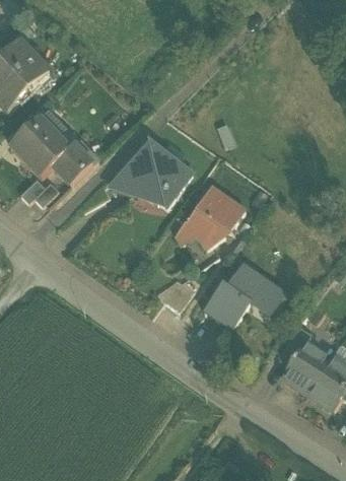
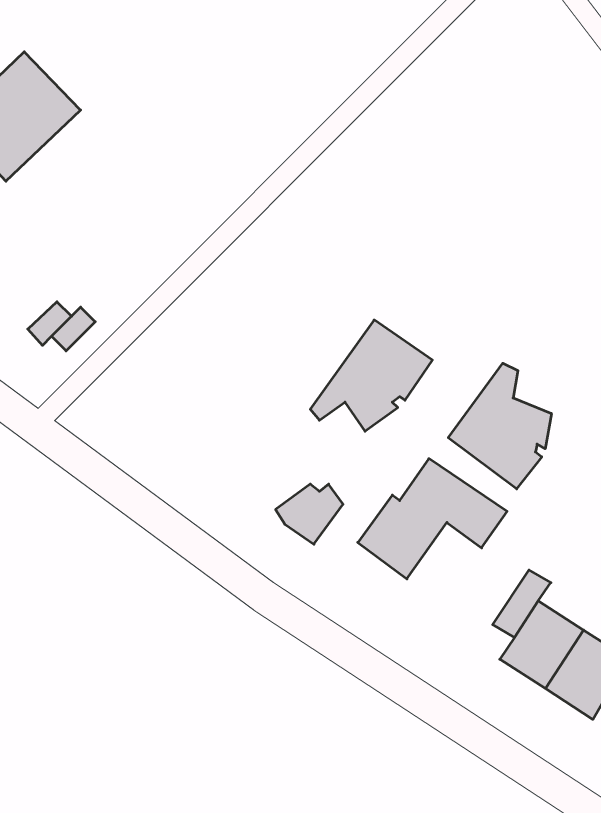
building: [8,110,98,186] -> none
building: [112,144,193,209] -> none
building: none -> [448,363,551,489]

